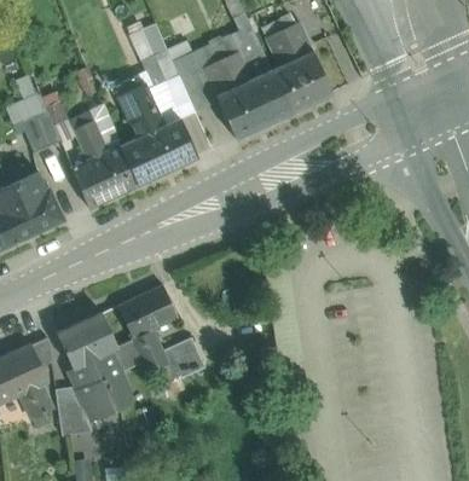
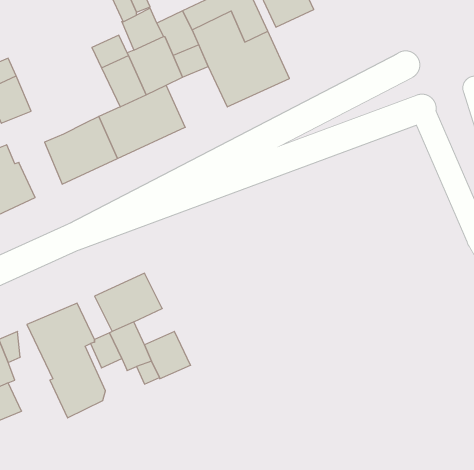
building: [272,51,332,112] -> none
building: [74,121,109,162] -> none
building: [56,389,92,435] -> none

